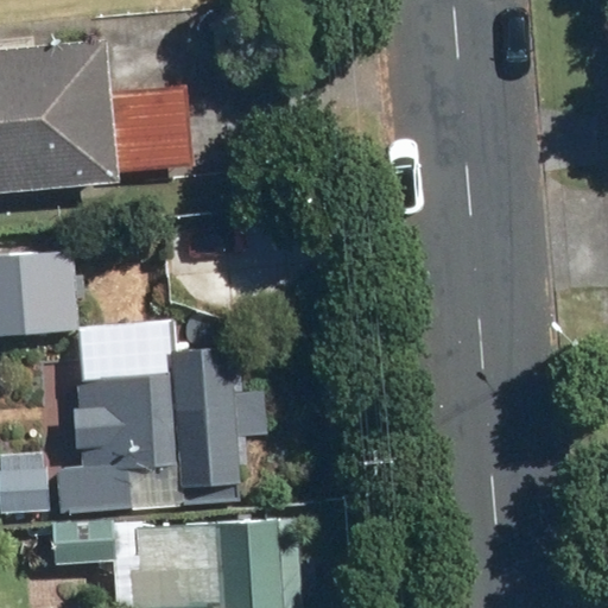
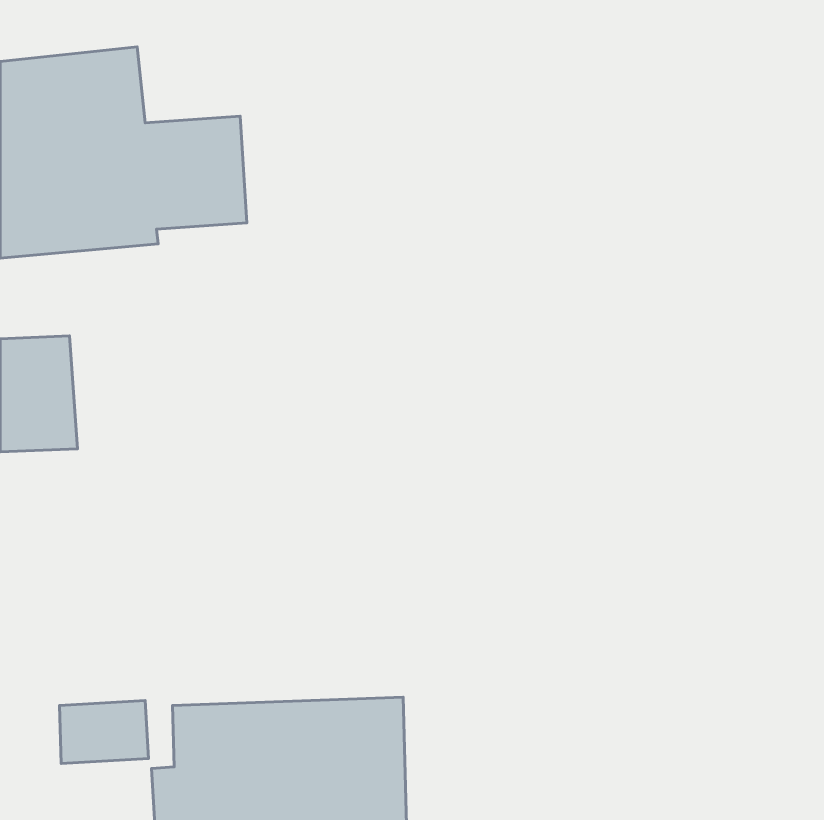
building: [63,344,264,513] -> none

